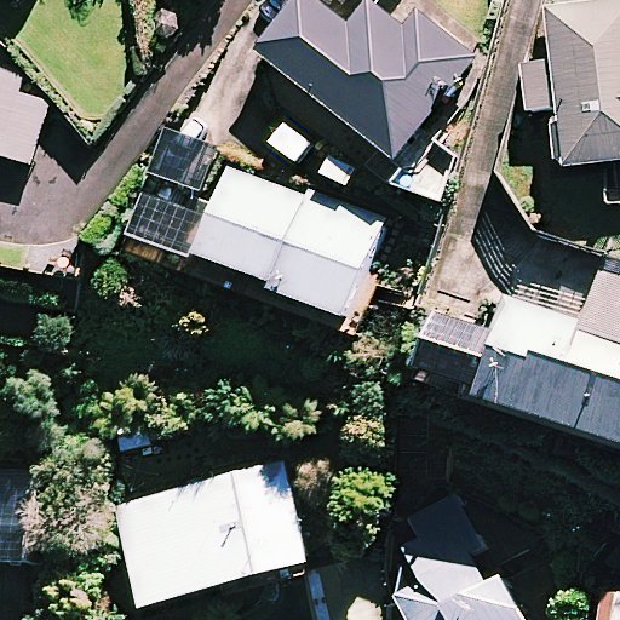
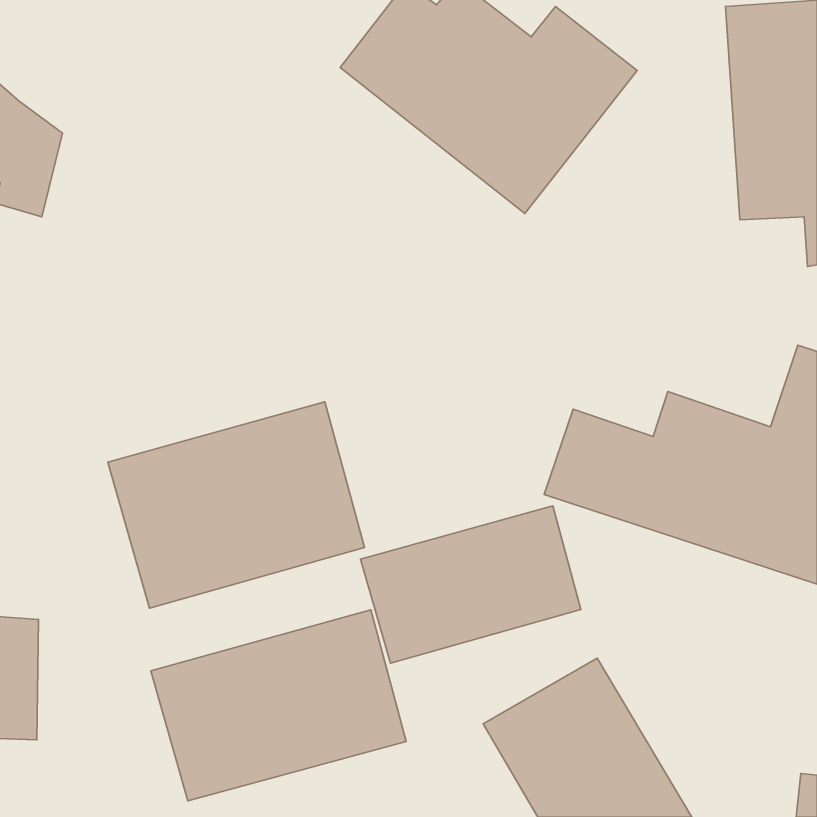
building: [125,165,379,315] -> none
building: none -> [108,402,364,608]
building: none -> [361,506,581,663]

